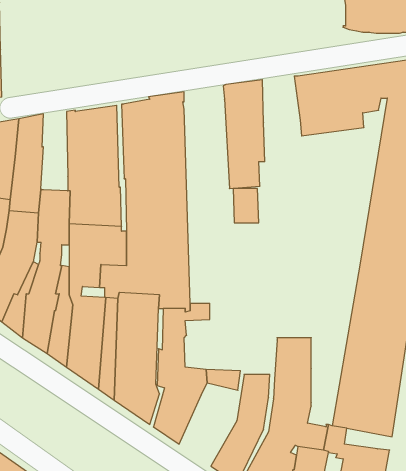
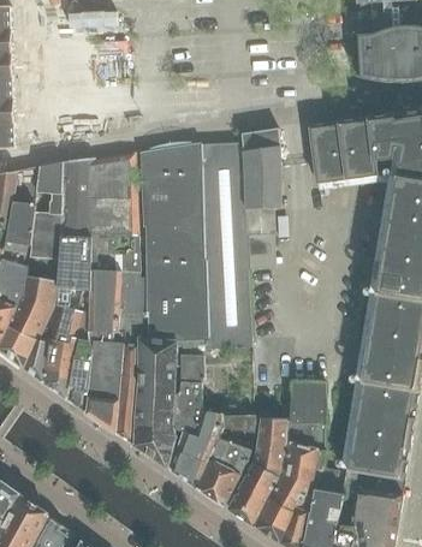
building: none -> [198,147,250,347]
building: none -> [61,159,85,237]
building: none -> [195,438,250,505]

